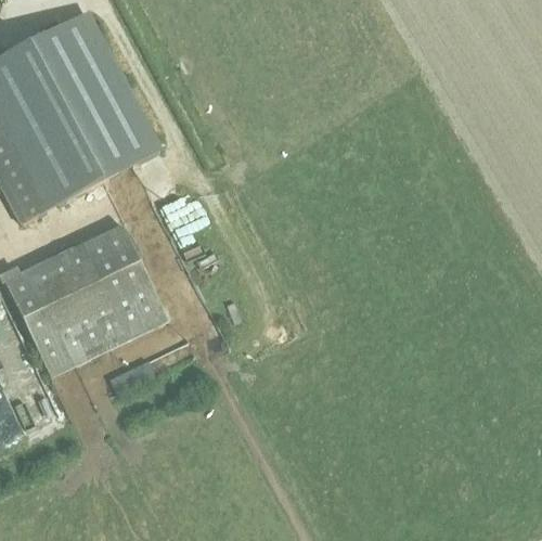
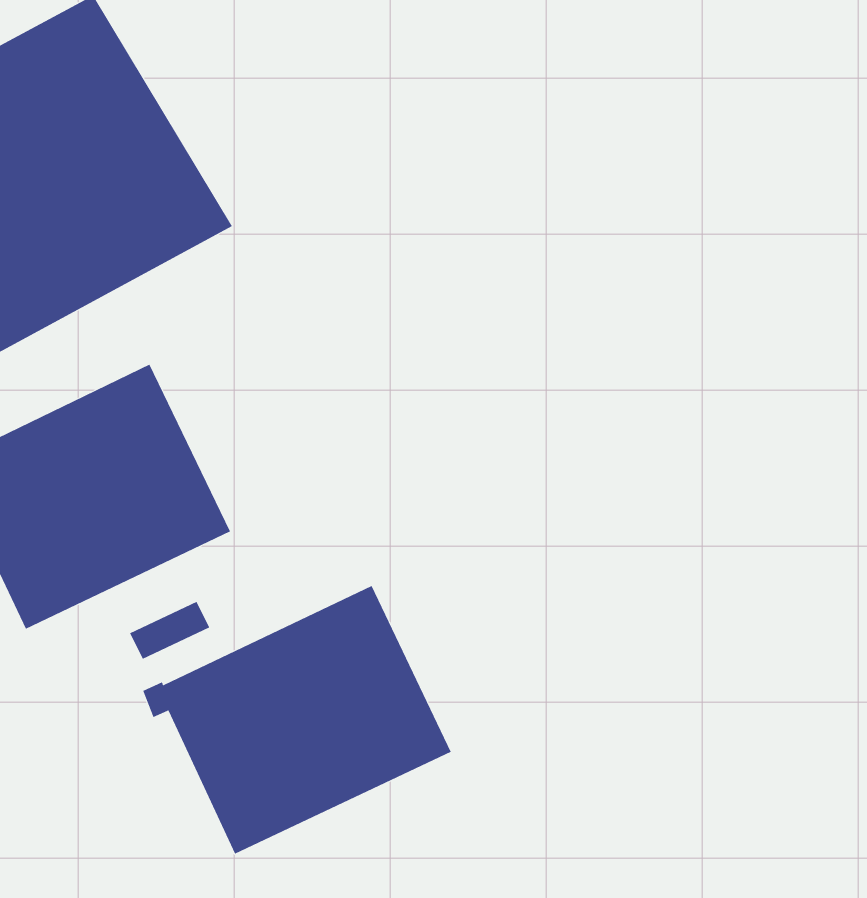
building: none -> [142,585,451,855]

